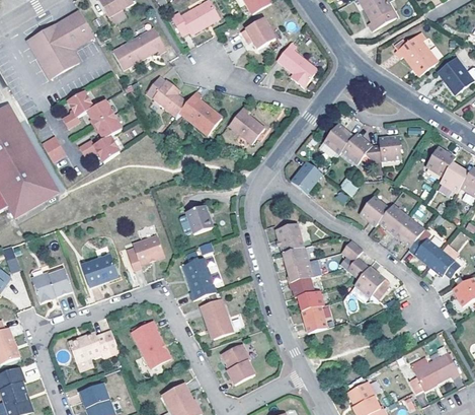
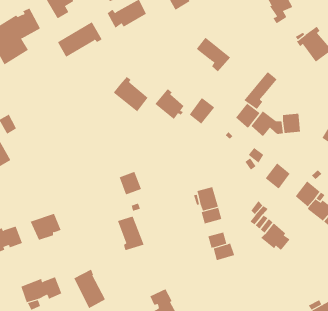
building: [241,18,274,49] -> none
building: [147,76,186,116] -> none
building: none -> [244,71,278,110]
building: [63,91,122,162] -> none
building: [291,161,322,194] -> [189,97,215,125]
building: [378,204,408,234] -> none
building: [126,234,164,270] -> none
building: [287,260,320,282] -> none
building: [200,298,232,338] -> none
building: [301,305,327,333] -> none

